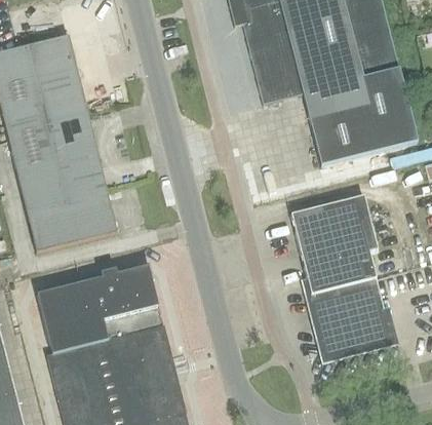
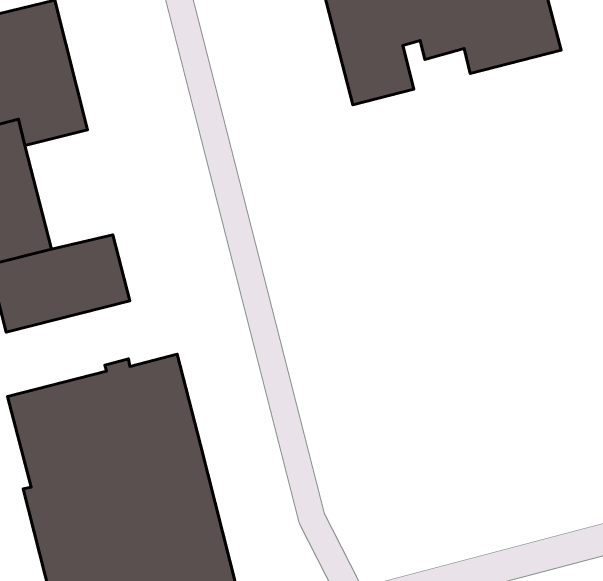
building: [296,62,418,165] -> none
building: [48,120,106,198] -> none
building: [290,196,391,355] -> none

